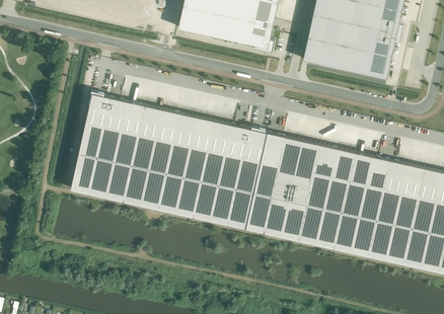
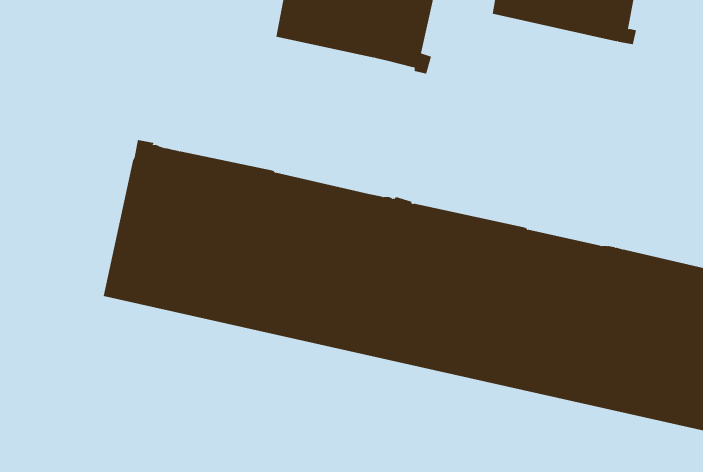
building: [302,13,400,77] -> none

